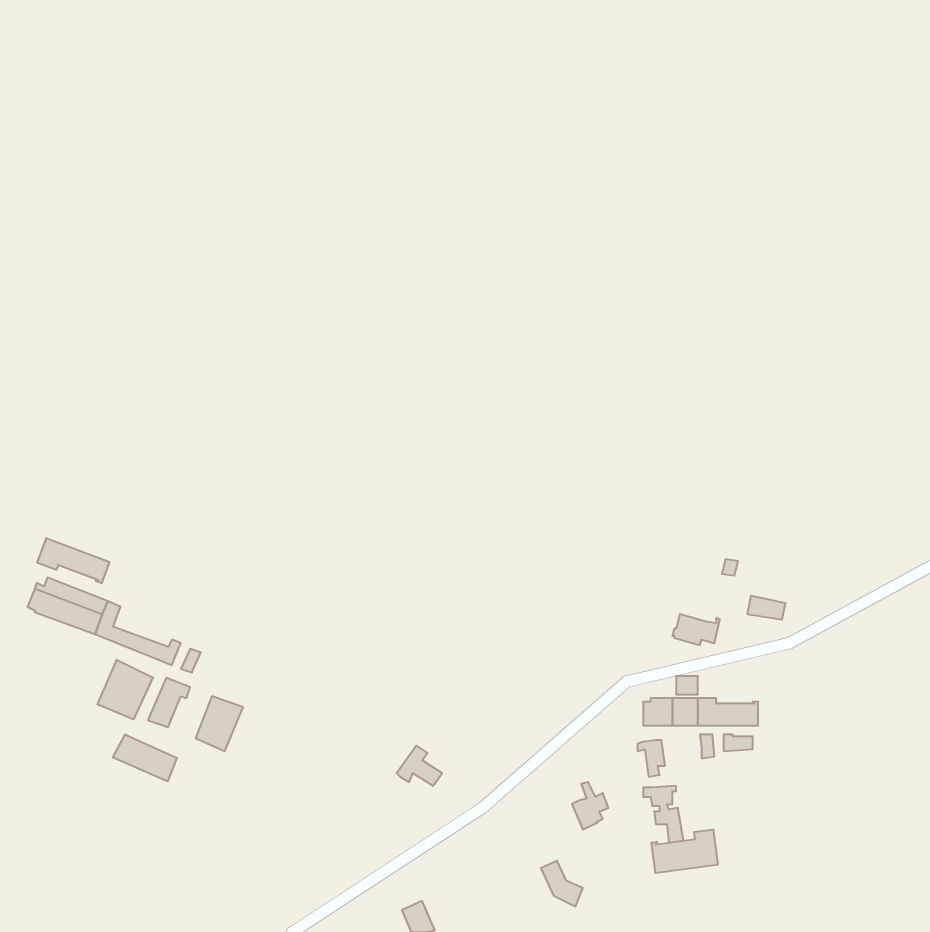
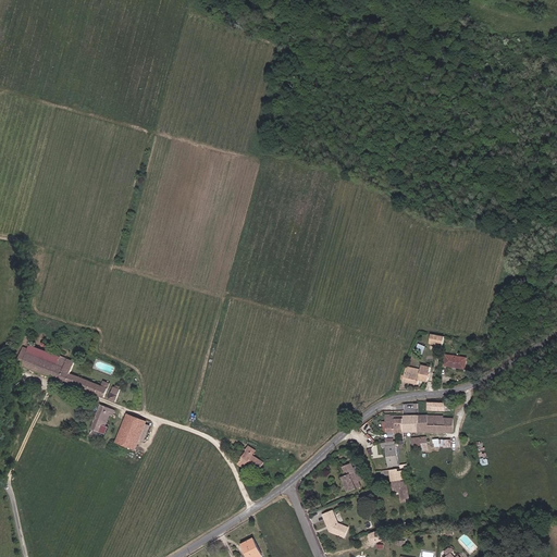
building: [37,538,109,583] -> none
building: [97,660,153,719] -> none
building: [113,734,177,781] -> none
building: [651,829,718,873] -> none

